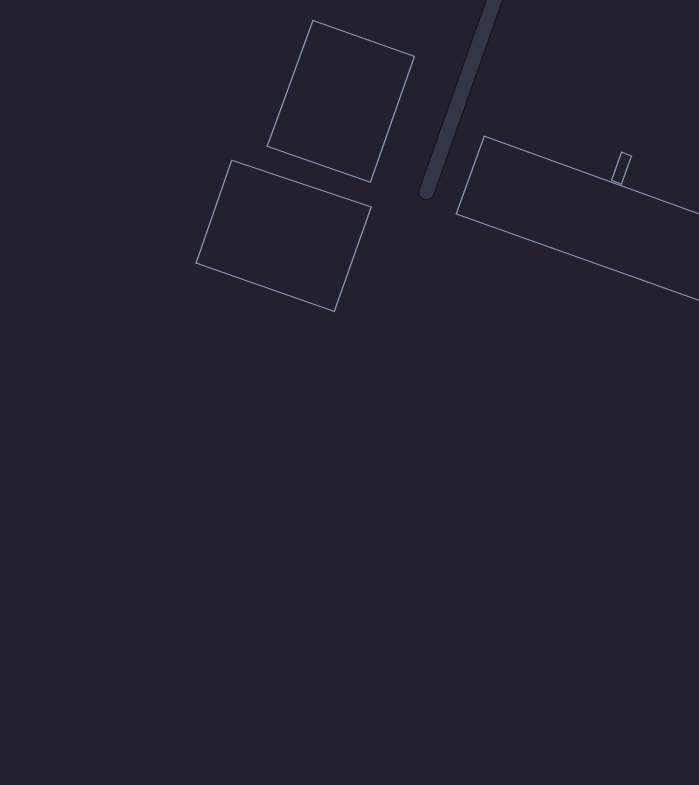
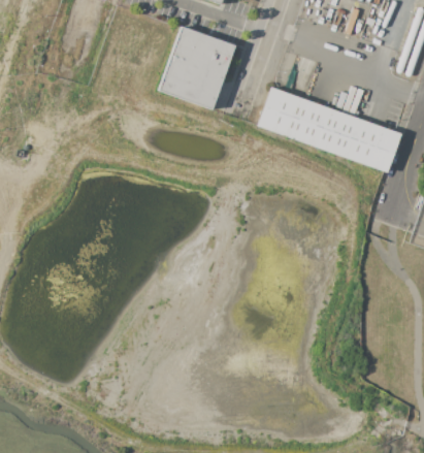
building: [196,160,371,312] -> none

